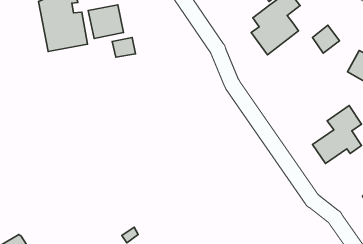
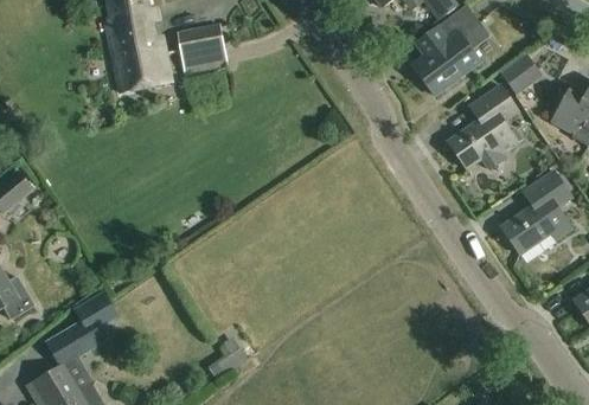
building: [112,38,135,57] -> none
building: none -> [448,84,519,169]
building: none -> [58,291,119,356]

